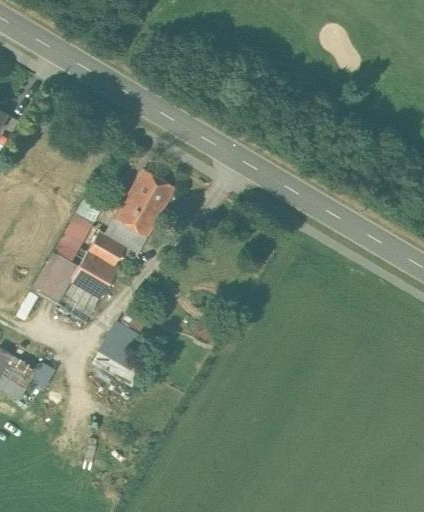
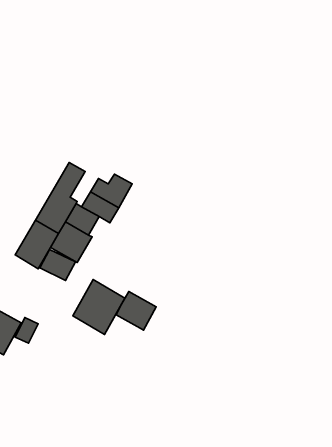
building: [123,171,174,211] -> none
building: none -> [116,292,156,330]

